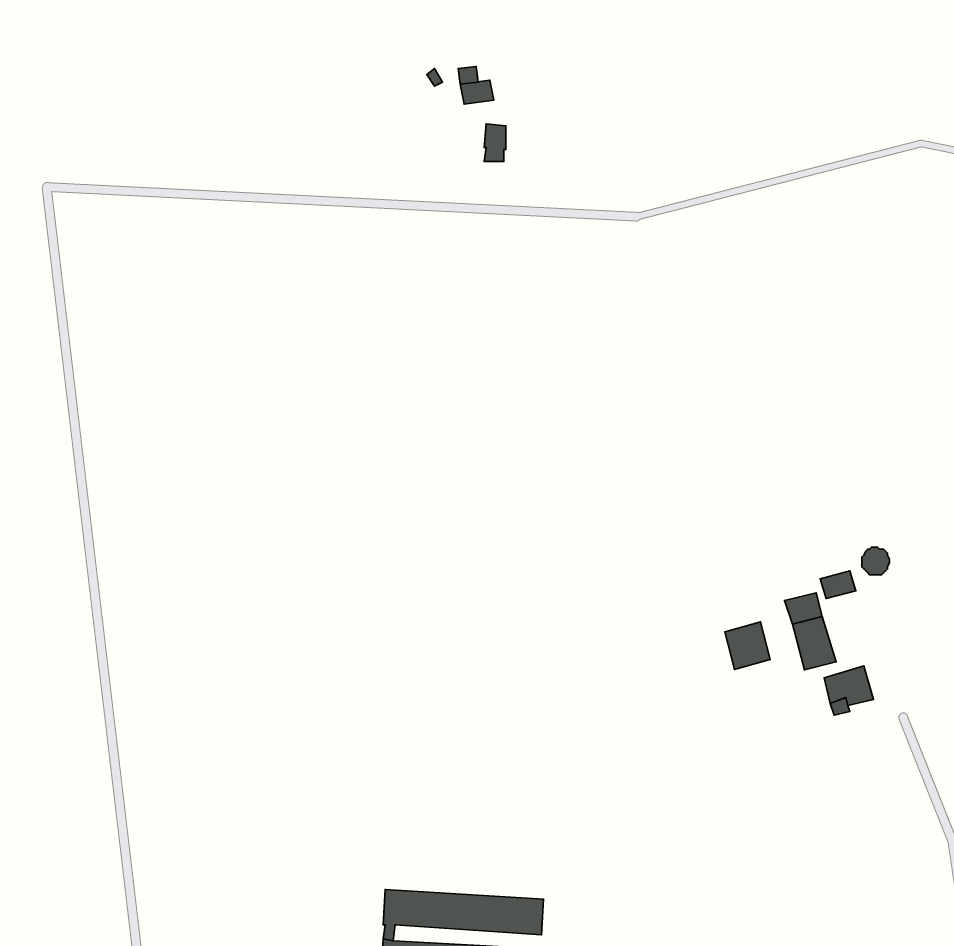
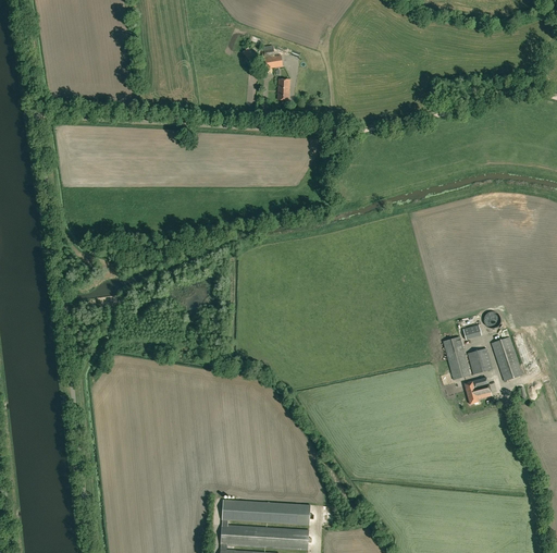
building: none -> [492,336,522,380]
building: [725,622,770,669] -> [468,347,493,373]

